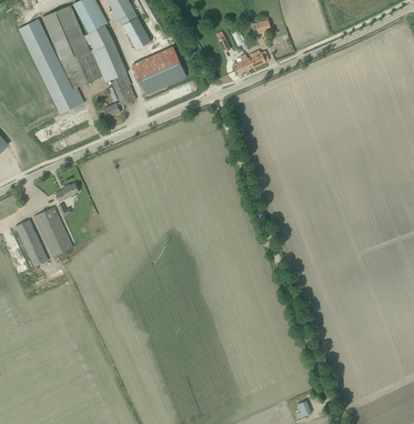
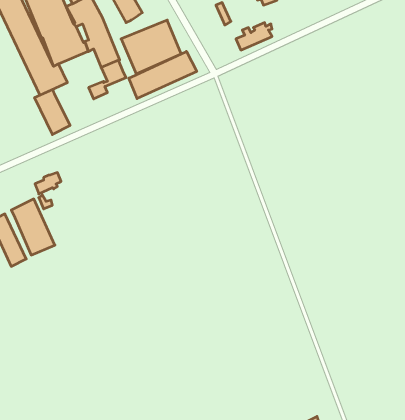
building: none -> [129,51,197,99]
building: none -> [35,90,70,135]

